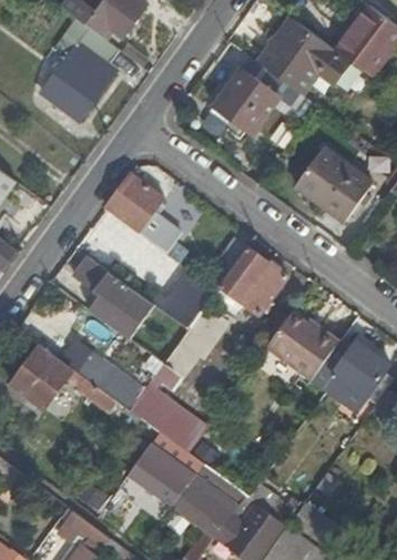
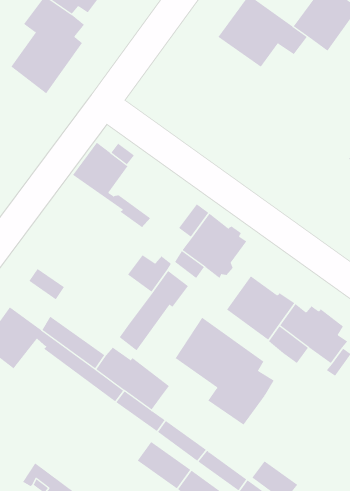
building: [211,58,306,136] -> none
building: [295,147,373,222] -> none
building: [72,256,155,340] -> none
building: none -> [175,317,274,425]
building: [129,454,186,505] -> none

